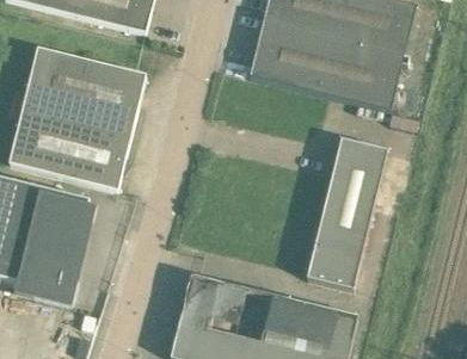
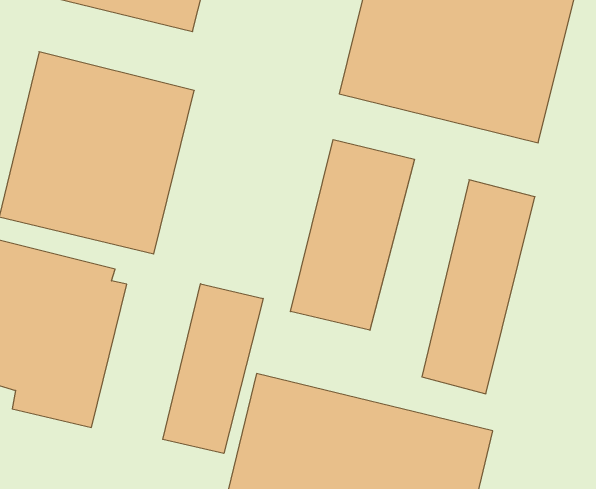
building: none -> [290,140,414,330]
building: none -> [163,284,263,453]

